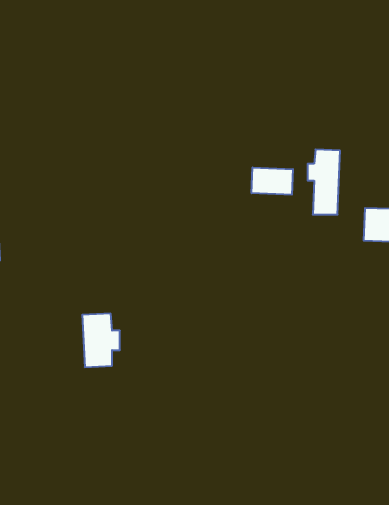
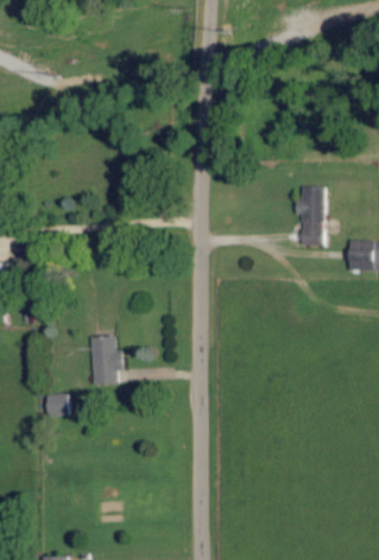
building: [252,167,293,195] -> none
building: none -> [43,394,69,416]

